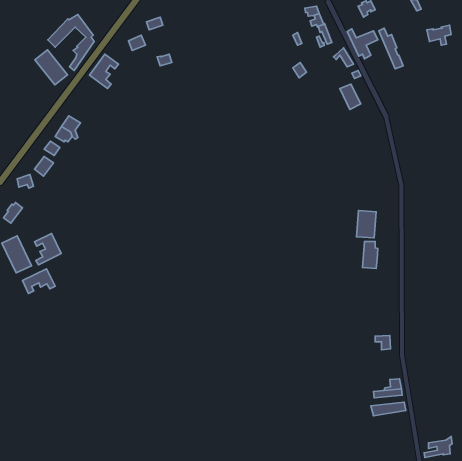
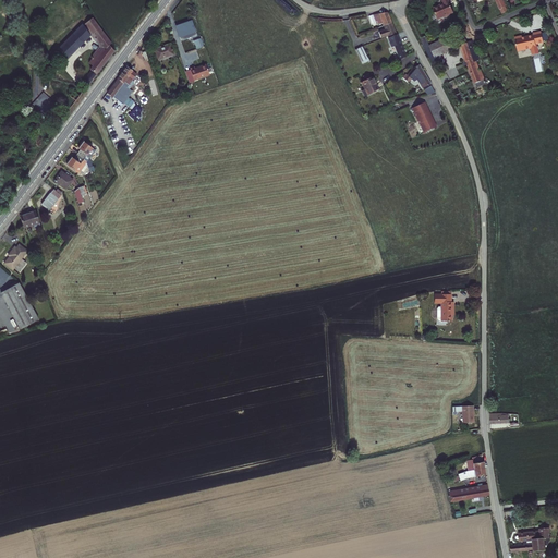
building: [35,50,67,85] -> none
building: [357,211,376,238] -> none
building: [34,234,61,265] -> none
building: [22,269,55,294] -> none

